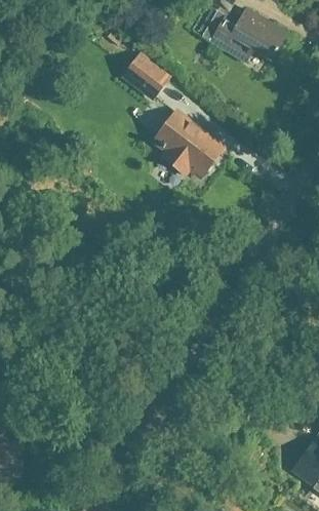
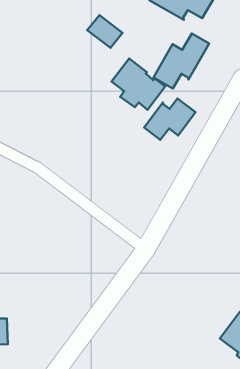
building: none -> [153,34,209,89]
building: none -> [144,99,196,140]

